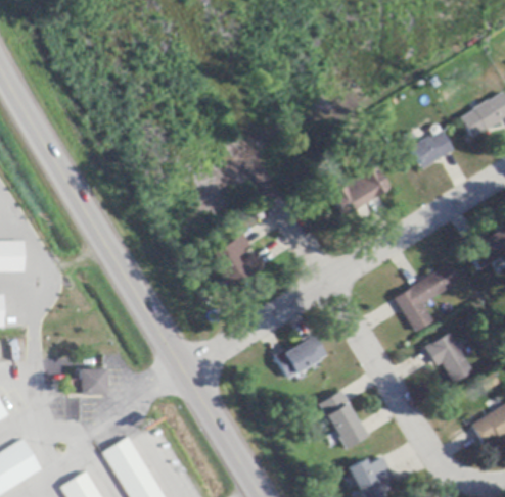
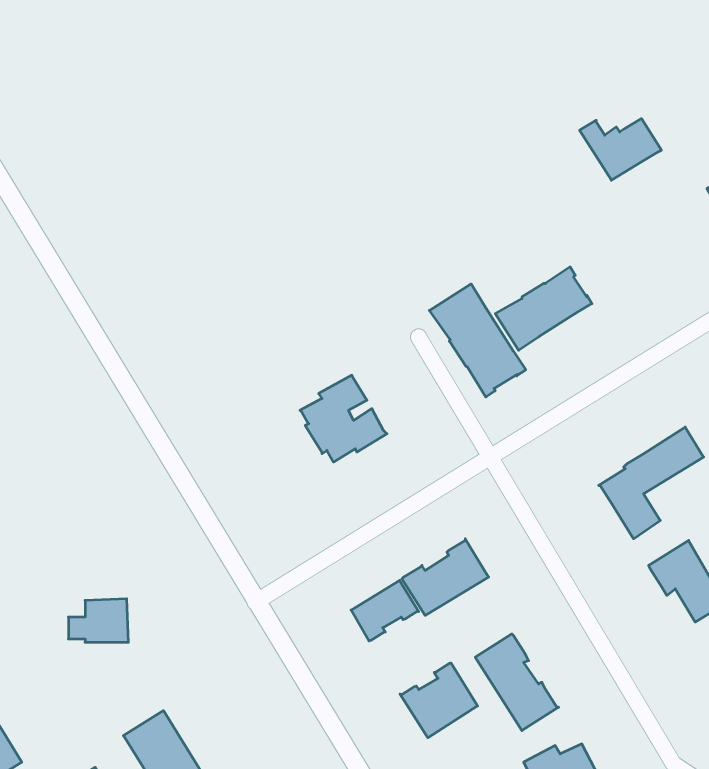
building: [404,131,454,168] -> [580,119,661,180]
building: none -> [429,284,526,397]
building: none -> [351,580,419,641]
building: none -> [400,663,478,738]

